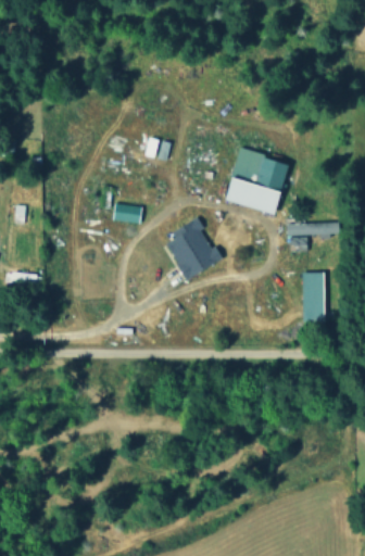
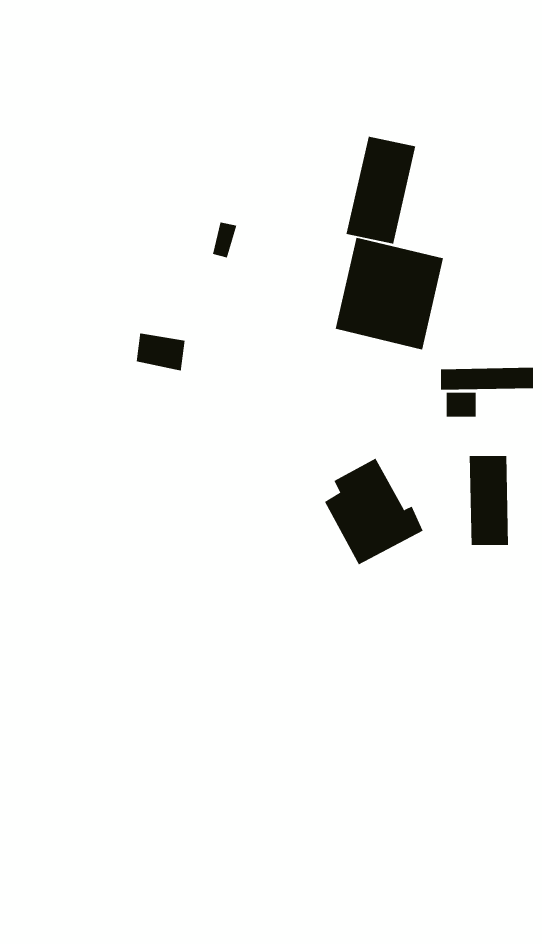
building: none -> [346,136,416,244]
building: [166,218,223,279] -> [324,458,424,565]

